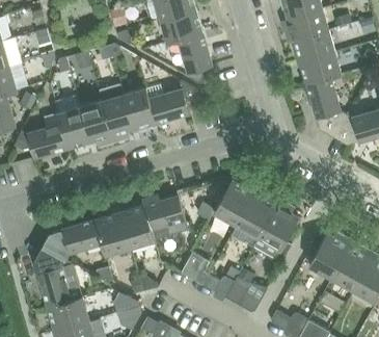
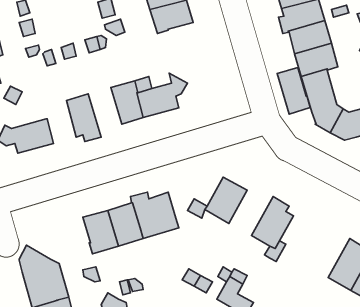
building: [178,31,211,83] -> none
building: none -> [277,67,310,114]
building: [99,85,133,141] -> none
building: [57,106,89,148] -> none
building: [236,190,278,236] -> none
building: [42,218,103,259] -> none
building: [308,231,352,277] -> none

